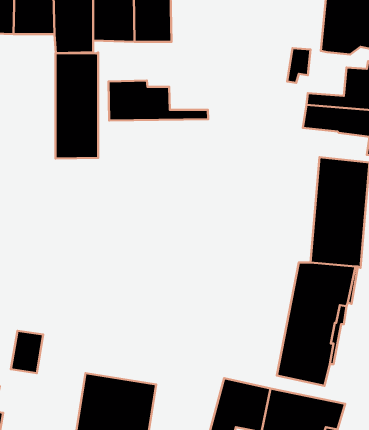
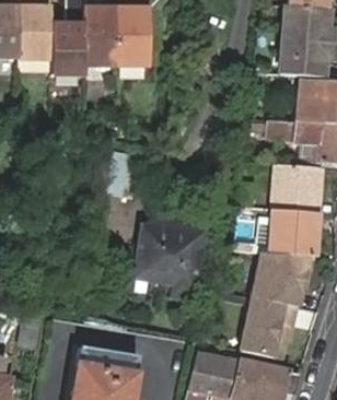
building: [56,52,98,159] -> none
building: [109,80,208,121] -> none
building: none -> [136,226,200,286]

